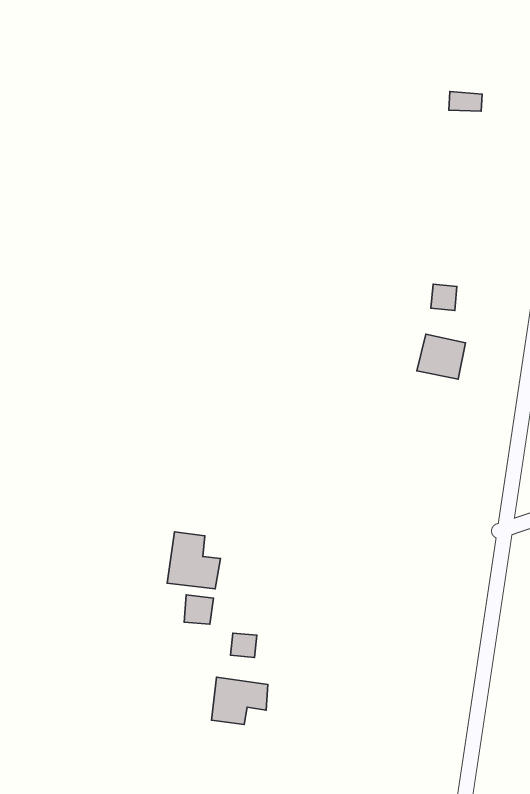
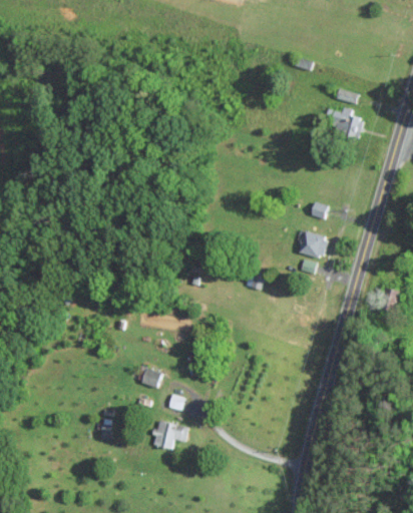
building: none -> [328,107,363,139]
building: [167,532,220,589] -> none

